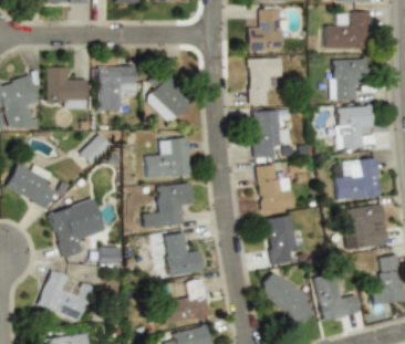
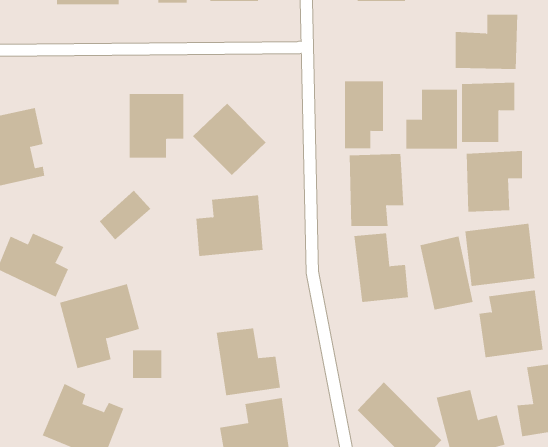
building: [249,9,285,51] -> [405,89,458,149]
building: [48,67,89,110] -> none
building: [144,183,195,229] -> none
building: [263,213,301,265] -> [420,236,473,310]

